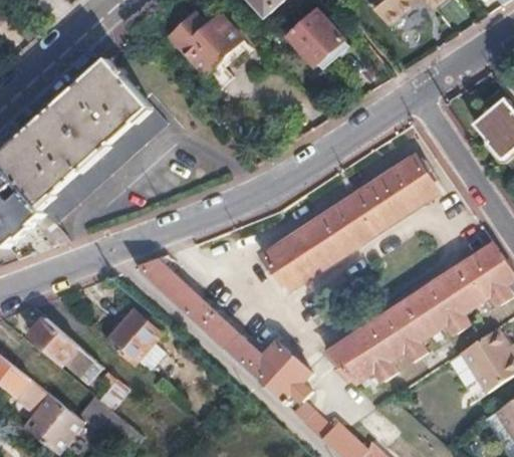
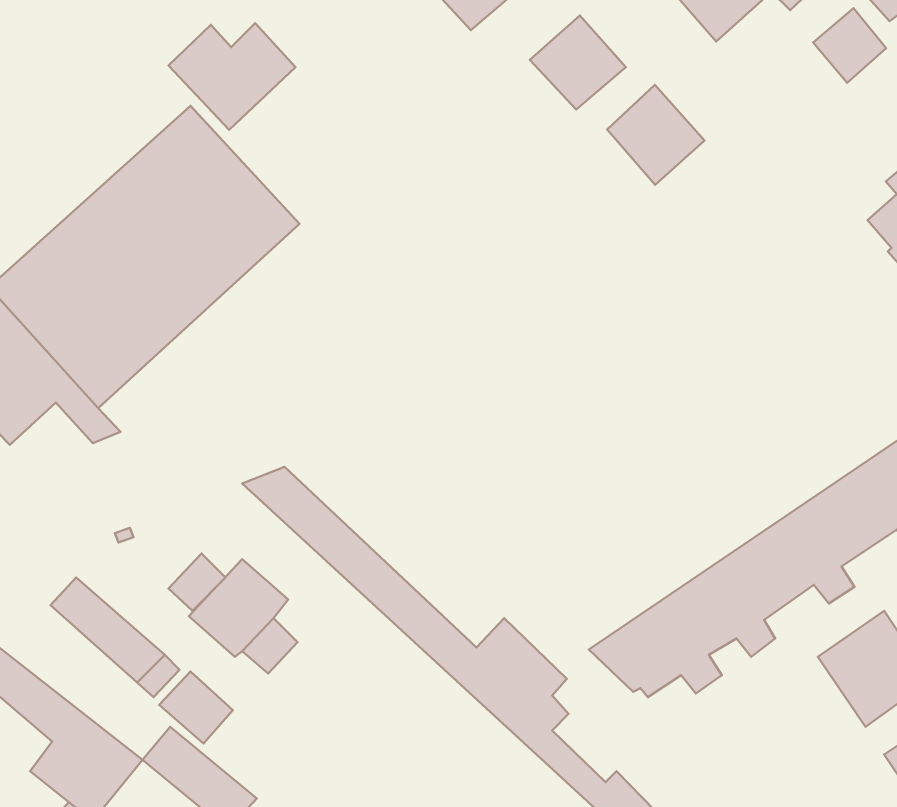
building: none -> [813,8,886,83]
building: [173,11,242,69] -> [168,23,296,130]
building: none -> [607,85,705,185]
building: [257,155,442,291] -> none

